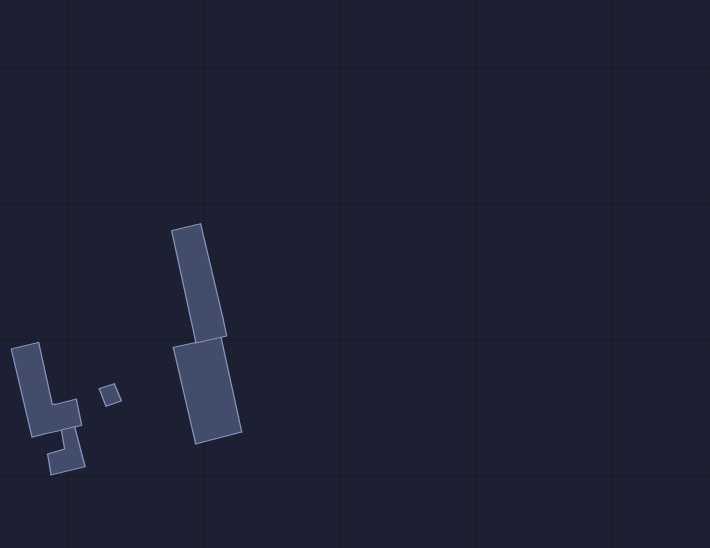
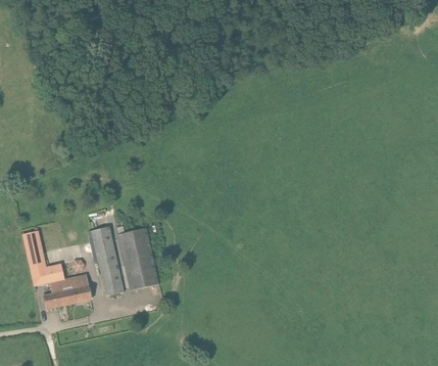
building: [172,224,227,343] -> [91,225,124,295]
building: none -> [59,275,90,304]

